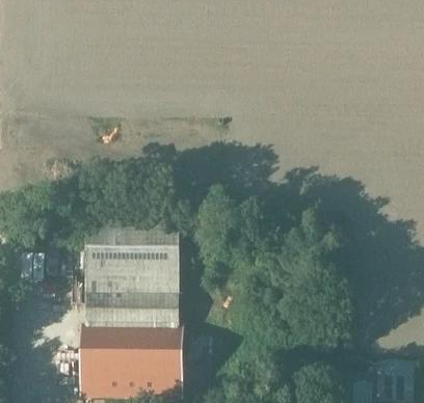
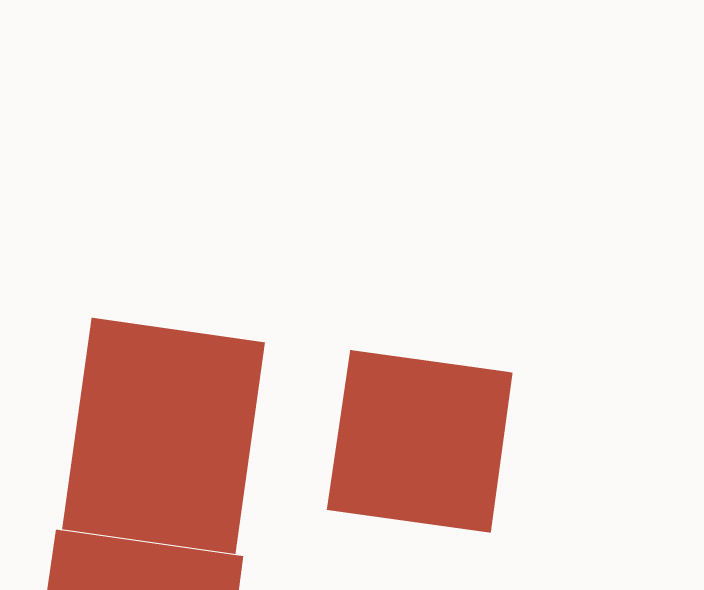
building: none -> [326,349,513,534]

